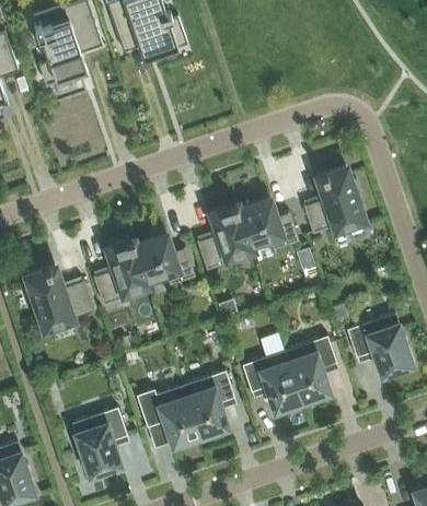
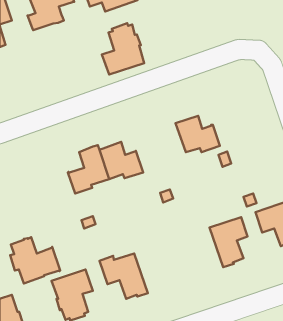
building: none -> [102,23,144,75]
building: [303,168,363,233] -> none
building: [197,204,253,270] -> none
building: [26,267,94,329] -> [10,237,60,283]
building: [242,351,303,412] -> none
building: [183,370,234,439] -> none

